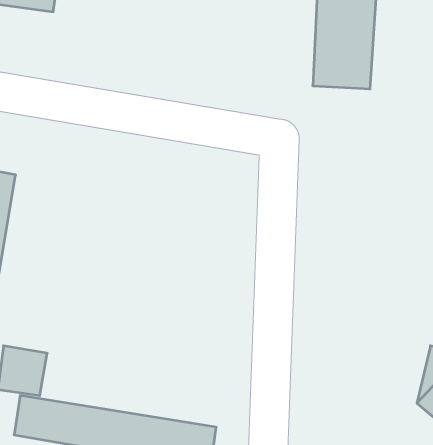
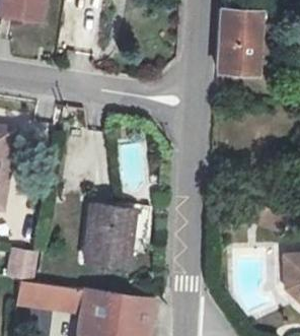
building: none -> [86,208,137,268]

